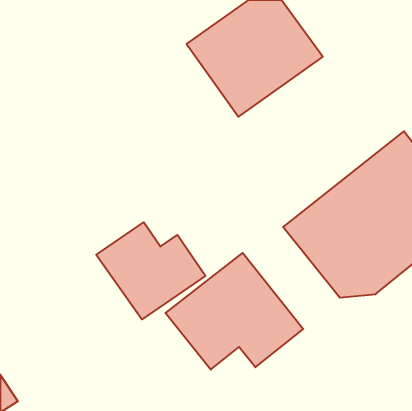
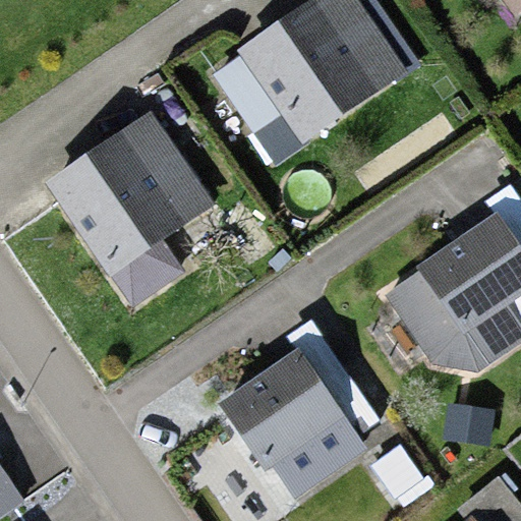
building: none -> [45,115,223,286]
building: [96,222,205,319] -> none

